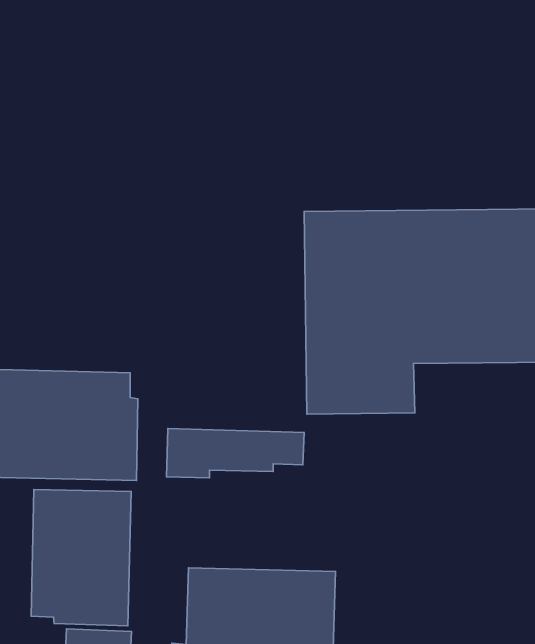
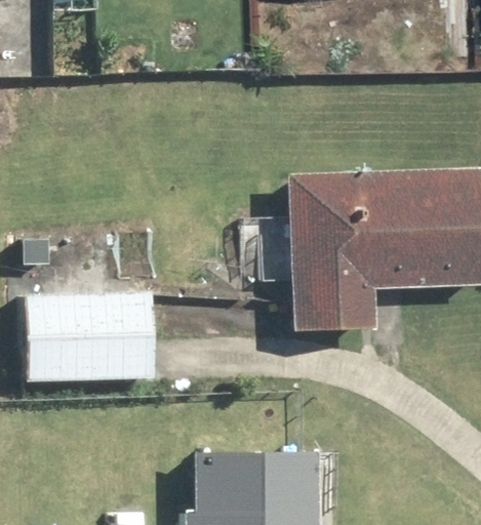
building: [31,489,131,626] -> none

